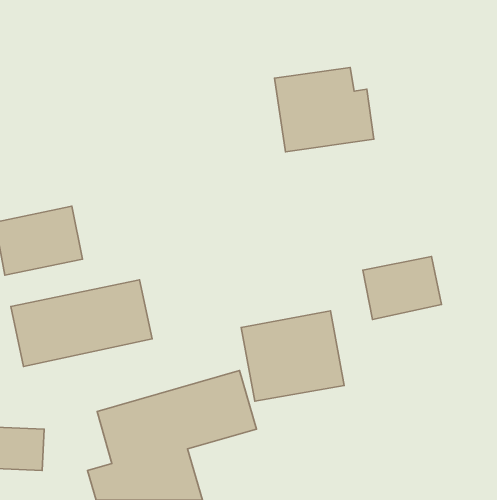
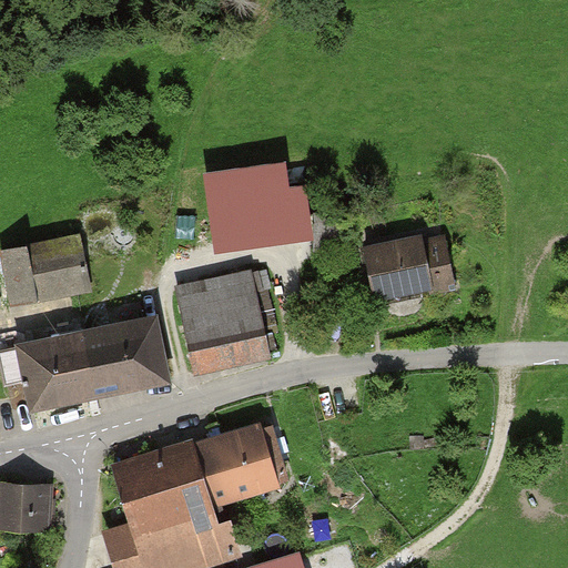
building: [275,67,374,152] -> [201,150,313,245]
building: [363,256,441,319] -> [365,233,454,304]
building: [241,311,344,401] -> [169,272,285,374]

